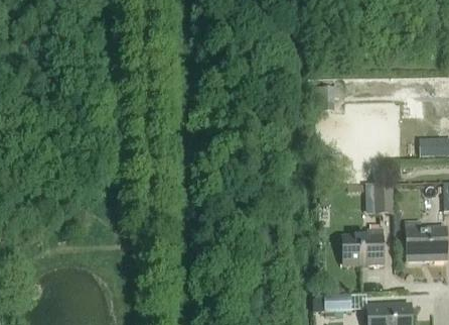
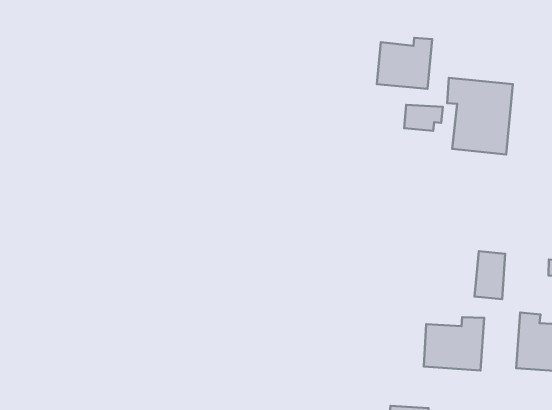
building: none -> [377,38,432,89]
building: none -> [447,78,513,154]

